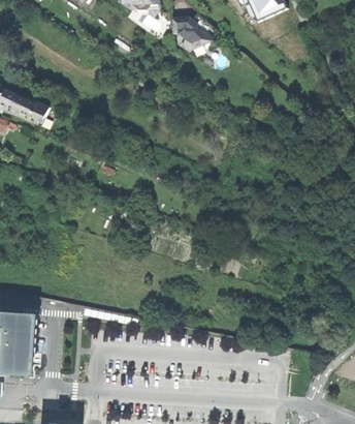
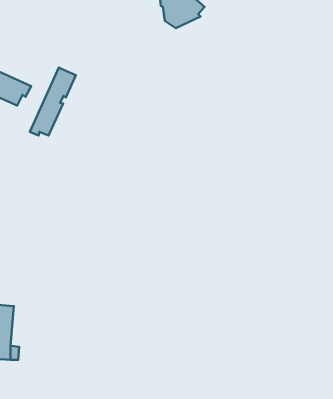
building: none -> [30,67,76,136]

